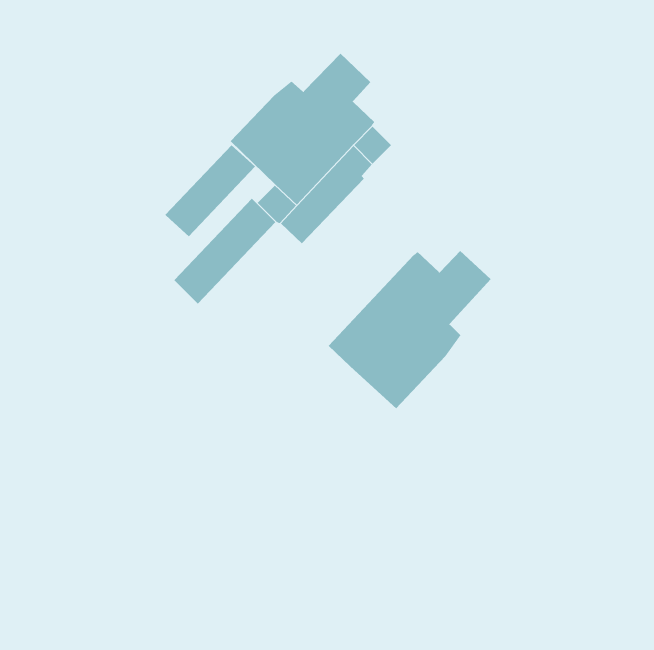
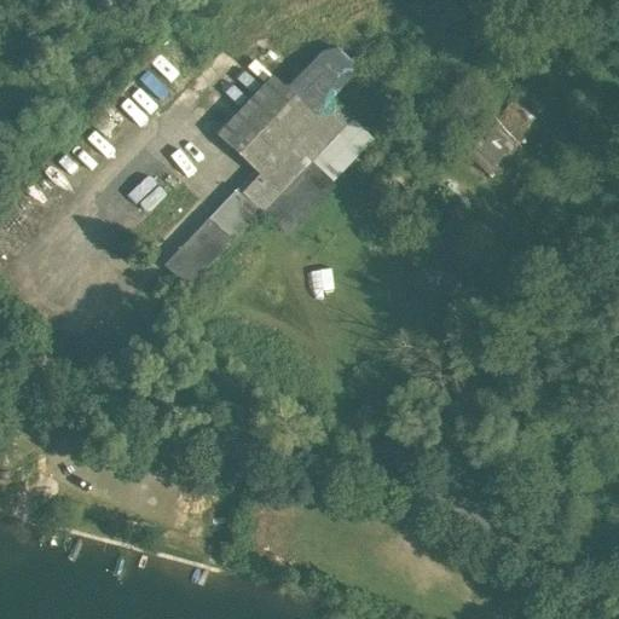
building: [164,144,256,237] -> none
building: [328,250,492,409] -> none

